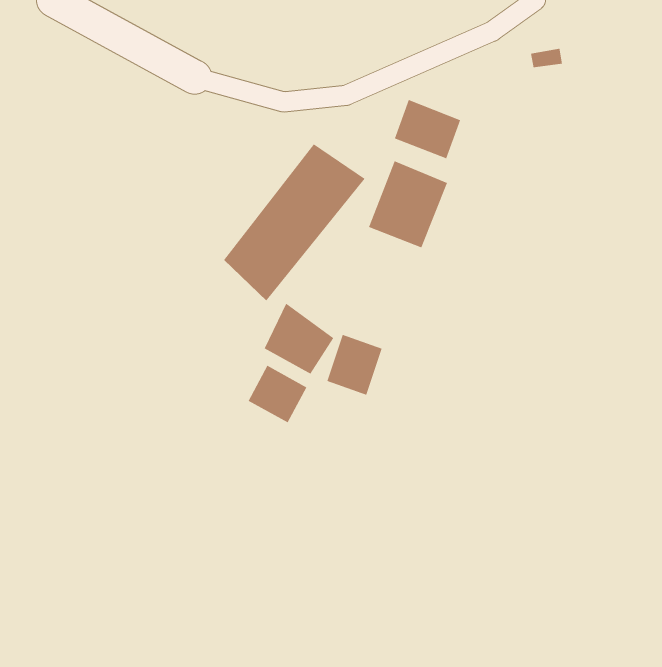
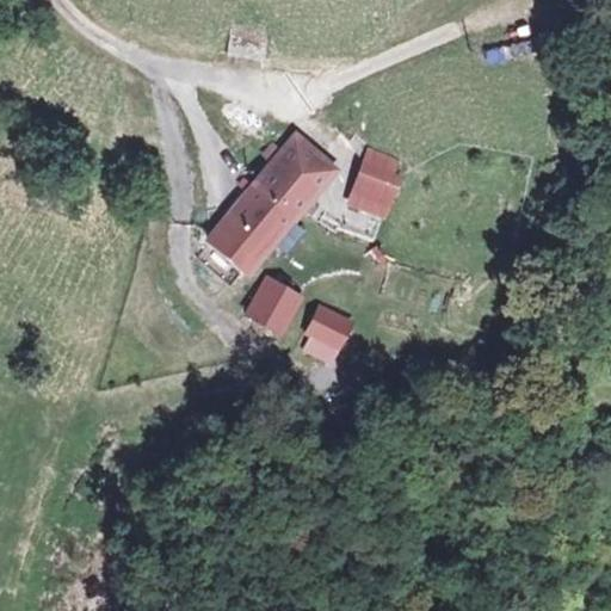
building: [394,99,461,159] -> none
building: [248,365,307,423] -> none

